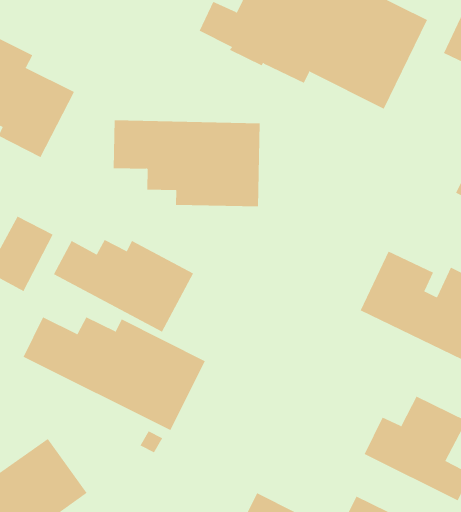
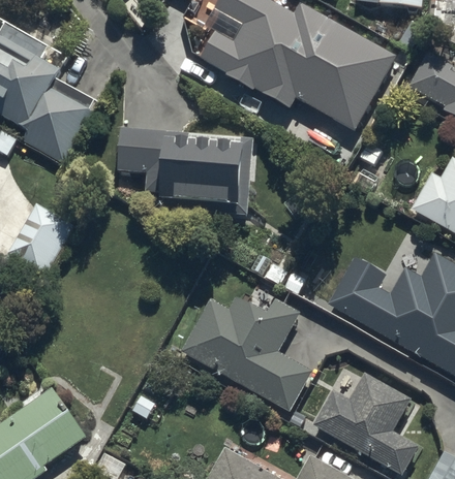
building: [53,239,194,332] -> none
building: none -> [186,300,310,408]
building: [23,316,206,431] -> none

